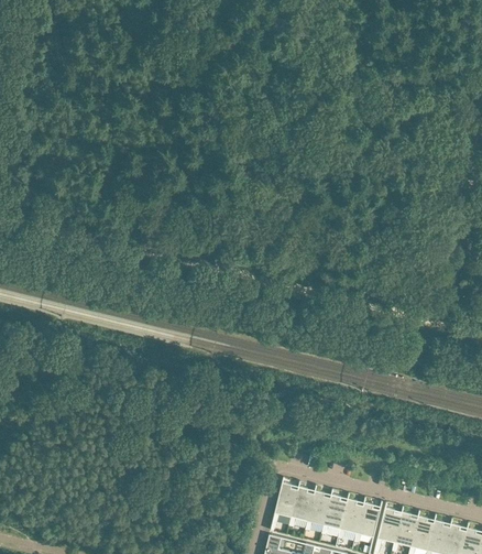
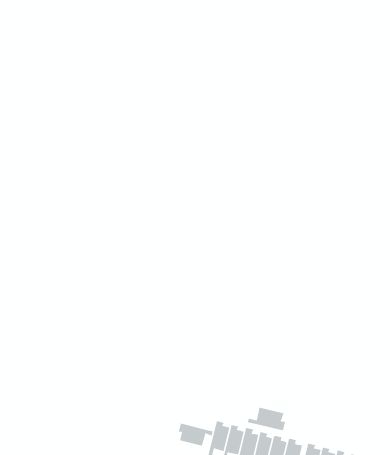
building: none -> [247,407,289,433]
building: none -> [176,422,214,446]

